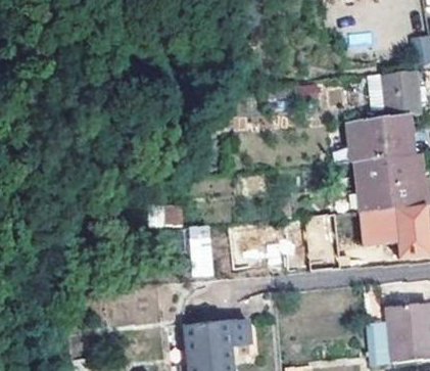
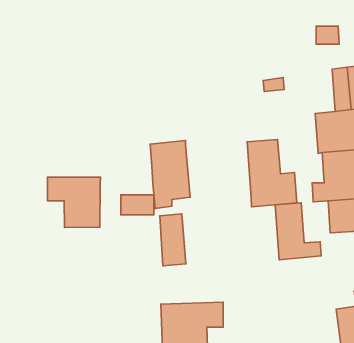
building: none -> [247,139,297,207]
building: none -> [150,141,190,208]
building: none -> [47,177,101,227]

